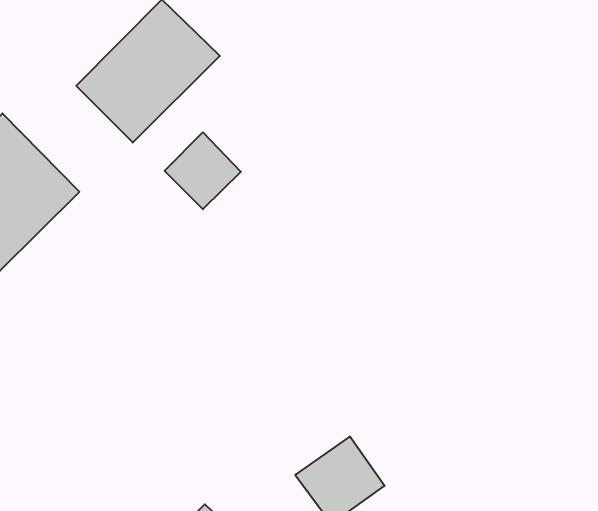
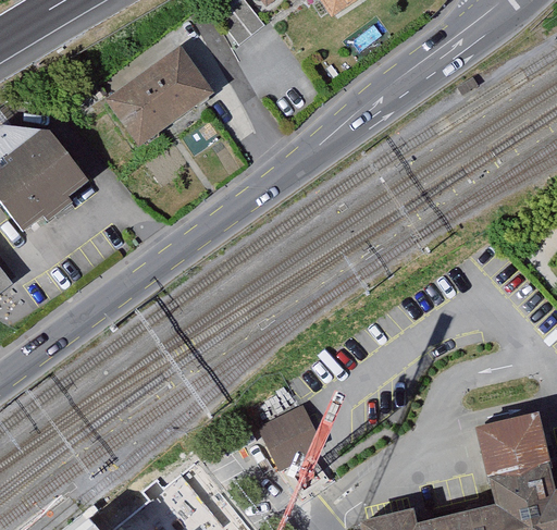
building: [165,132,241,209] -> none

